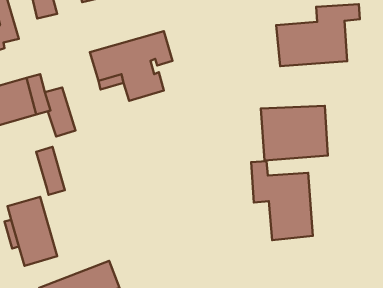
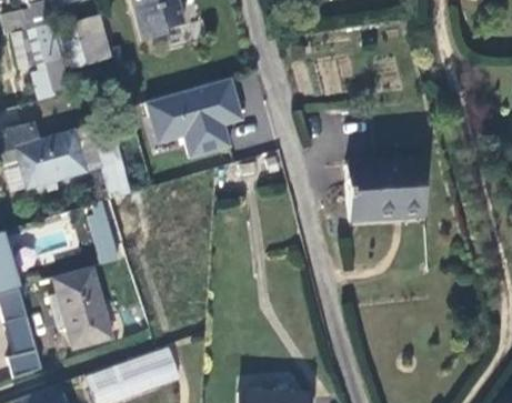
building: [276,4,360,66] -> none
building: [251,161,313,240] -> none

